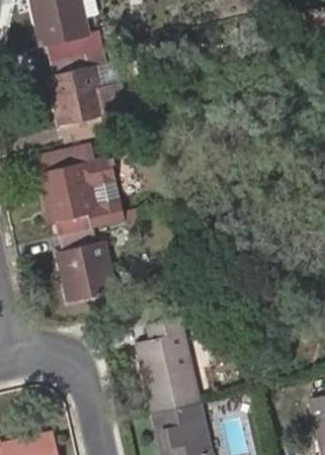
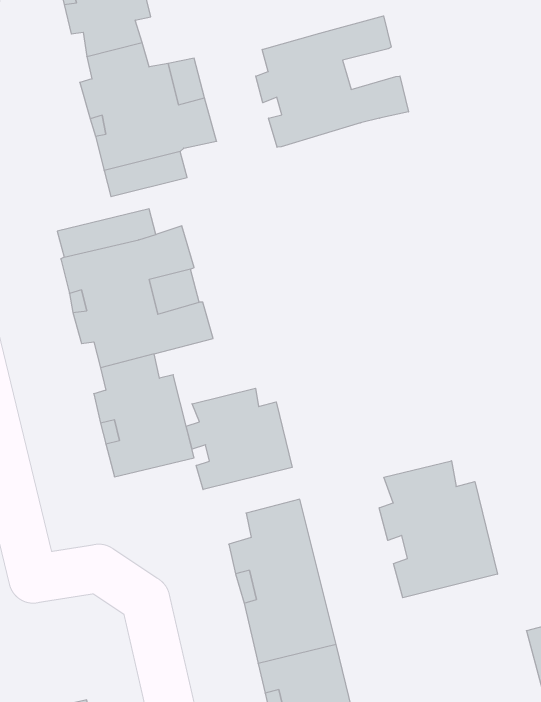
building: none -> [256,16,408,147]
building: none -> [186,388,292,490]
building: none -> [379,461,497,598]

